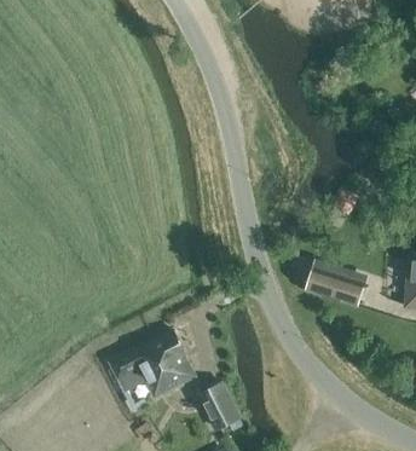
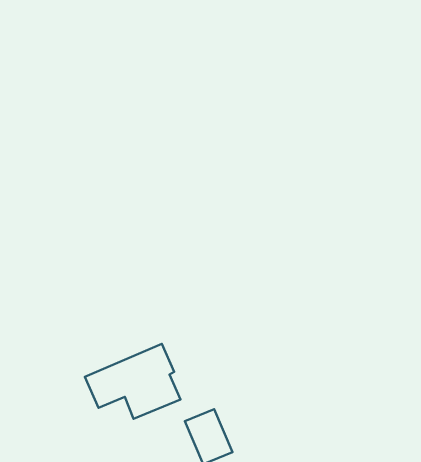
building: [307,268,365,308] -> none

